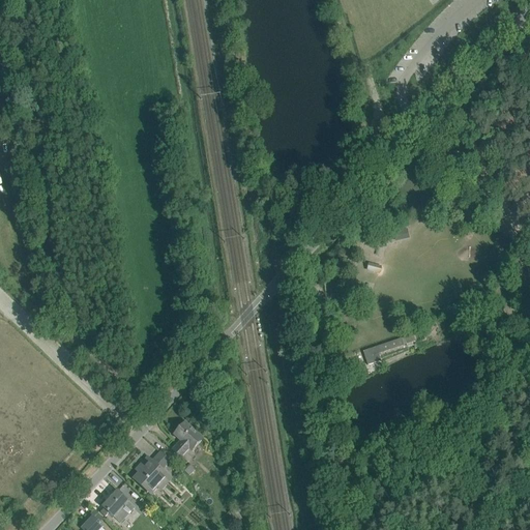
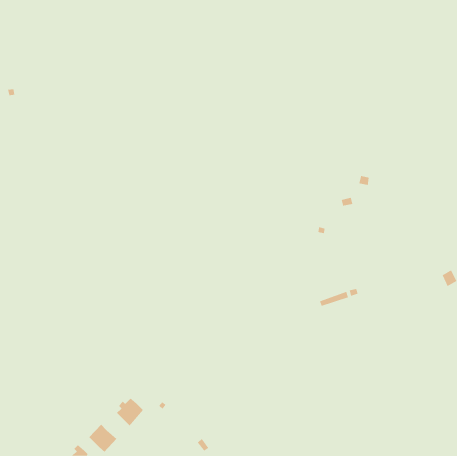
building: [173,421,203,458] -> none

